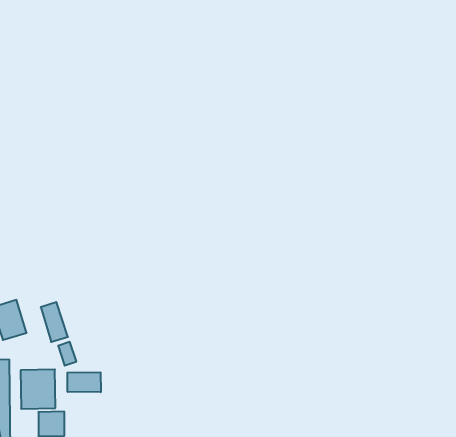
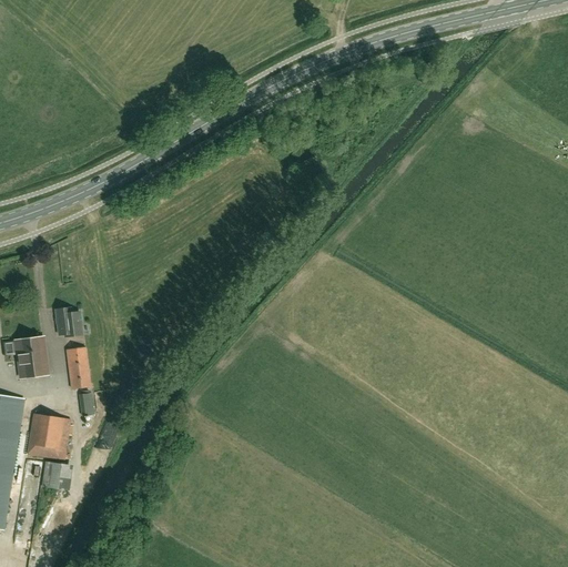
building: none -> [55,308,82,336]
building: [67,372,101,392] -> none

